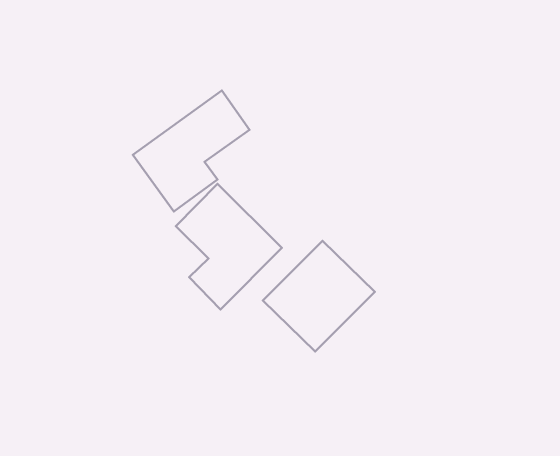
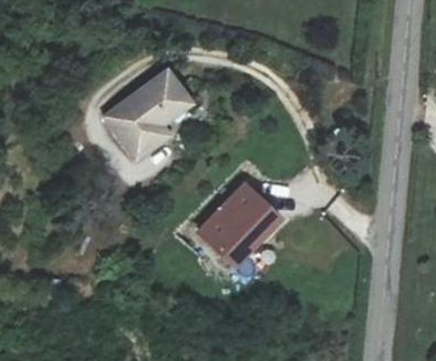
building: [176,184,282,309] -> none

